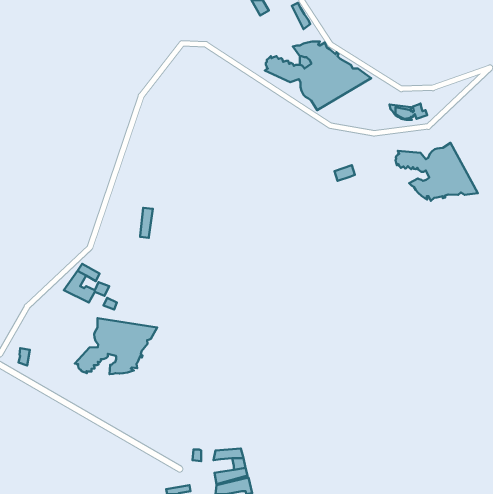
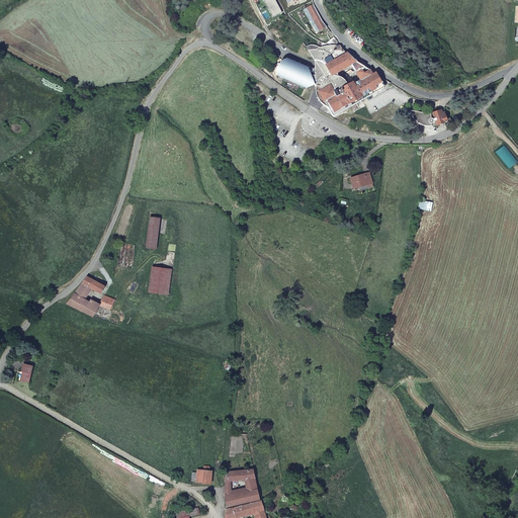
building: [395,143,478,201] -> none
building: none -> [149,267,172,294]
building: [75,318,157,374] -> none

